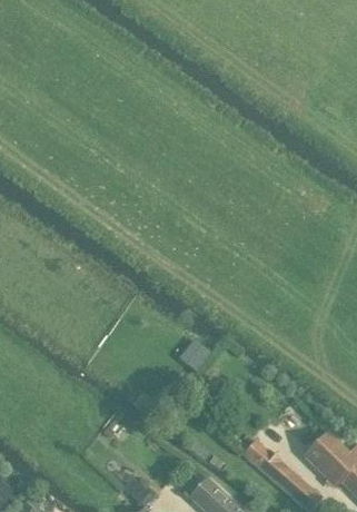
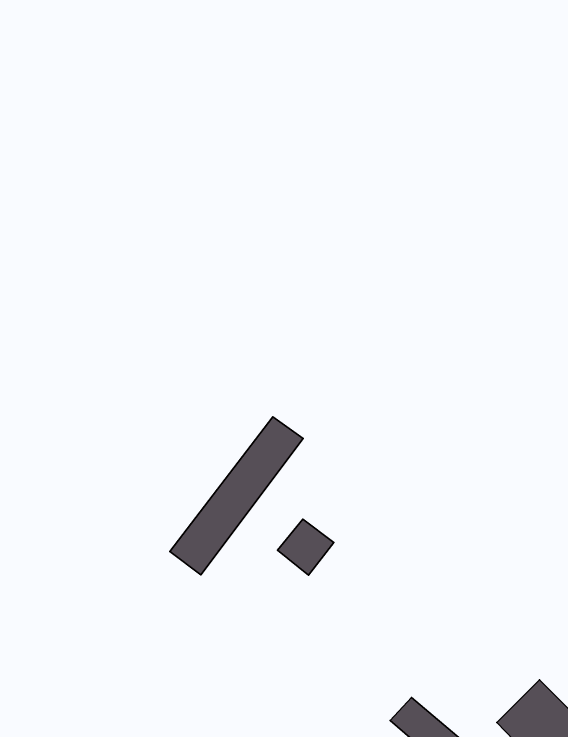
building: none -> [170,417,303,575]

